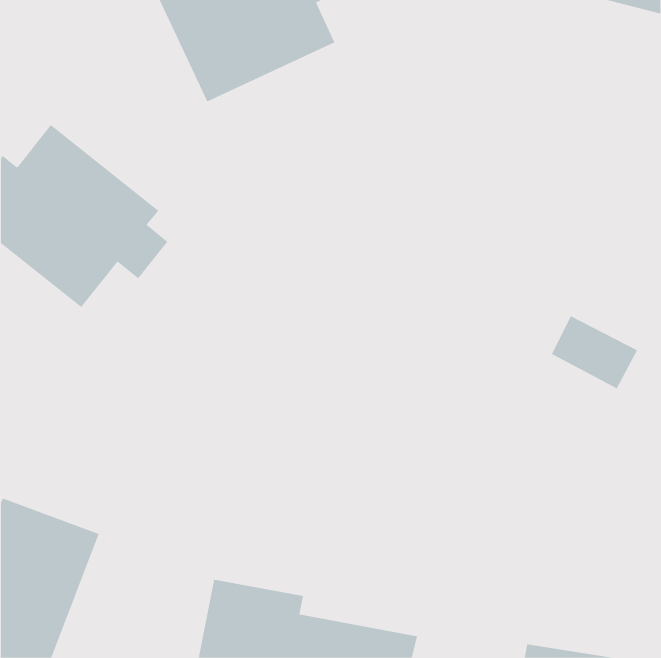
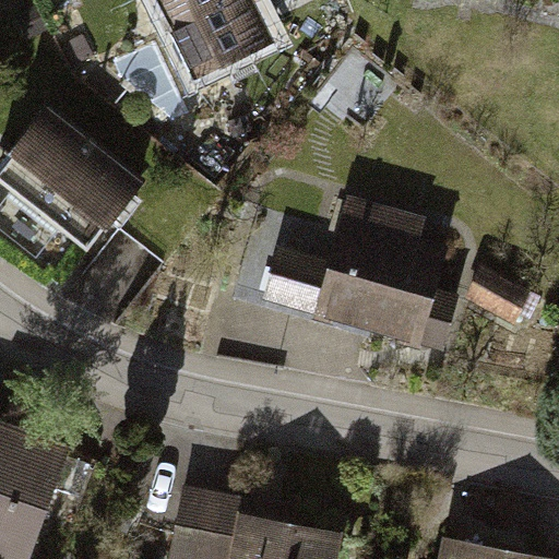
building: none -> [254,192,455,360]

